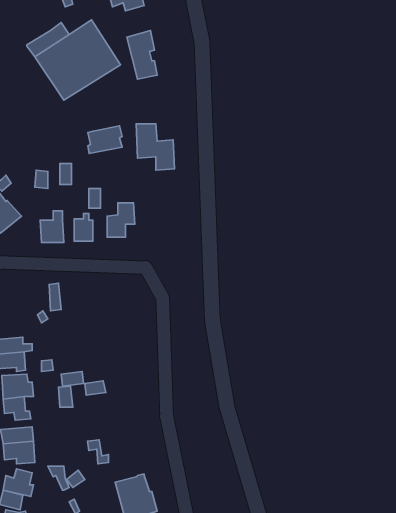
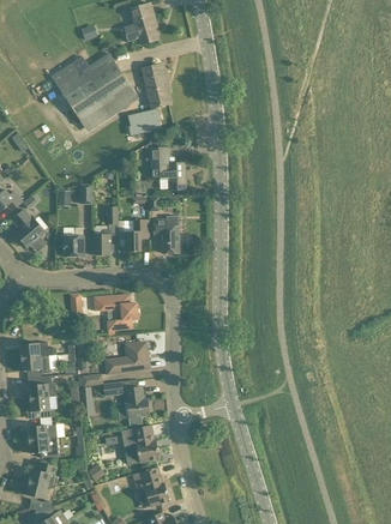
building: [88,126,122,154] -> [128,109,160,134]
building: none -> [154,216,180,253]
building: none -> [94,294,138,335]
building: none -> [106,342,149,373]
building: none -> [126,386,149,416]
building: none -> [121,424,160,462]

